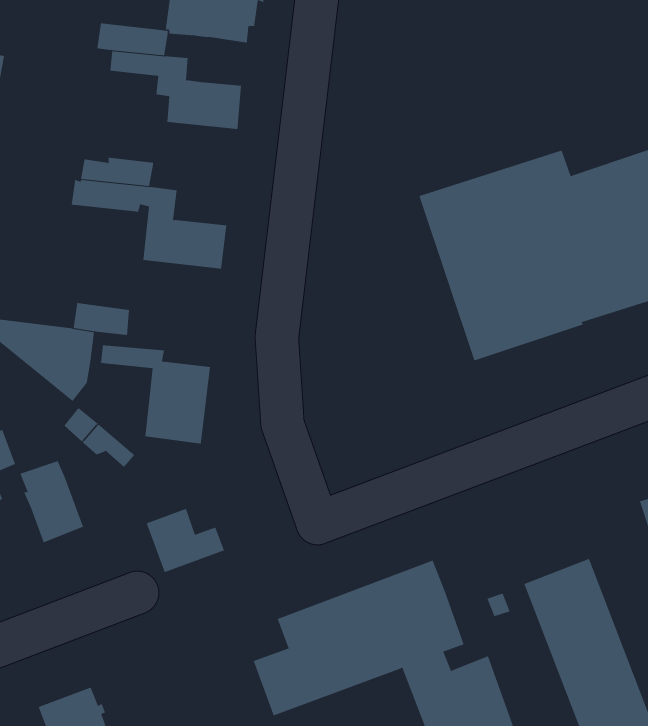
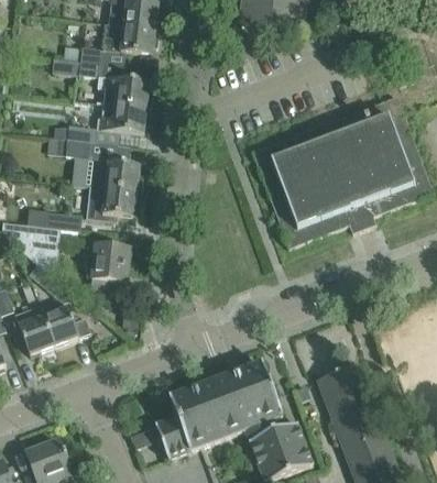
building: none -> [96,101,146,132]
building: none -> [86,184,136,219]
building: [146,508,225,573] -> [43,305,90,343]

